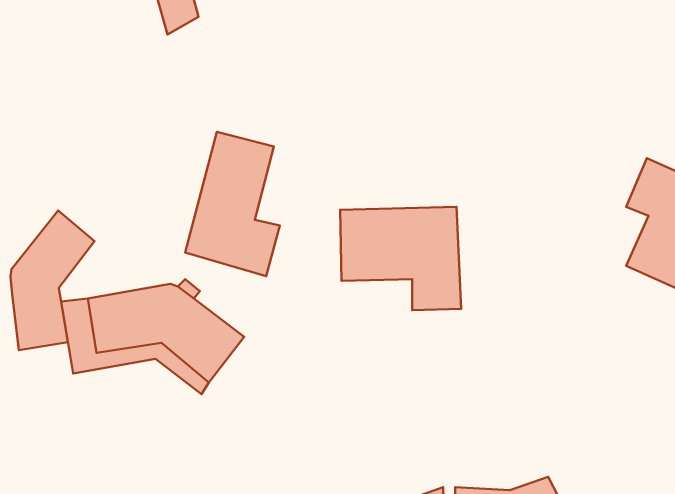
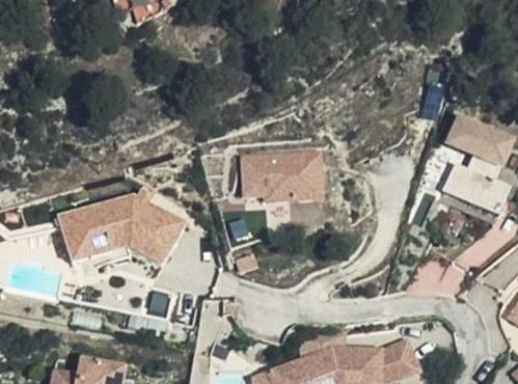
building: [185,132,280,276] -> none
building: [11,211,94,350] -> none

